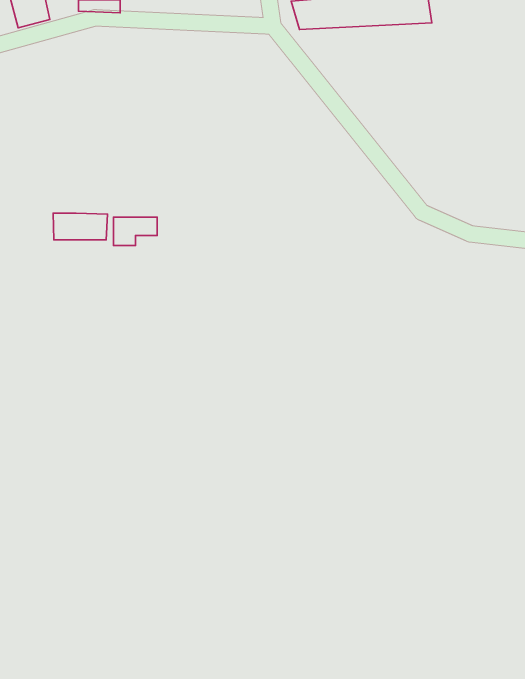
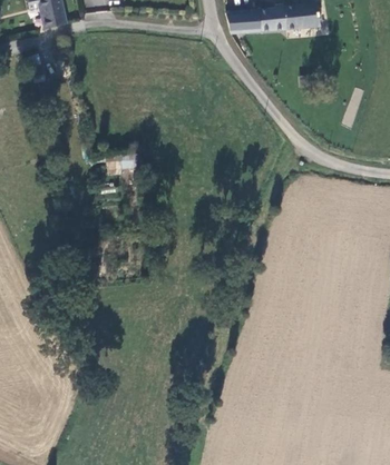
building: [53,213,107,240] -> none

